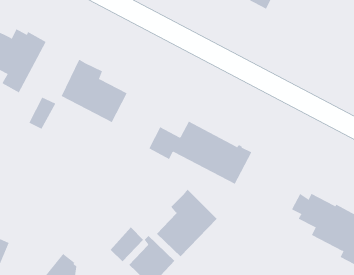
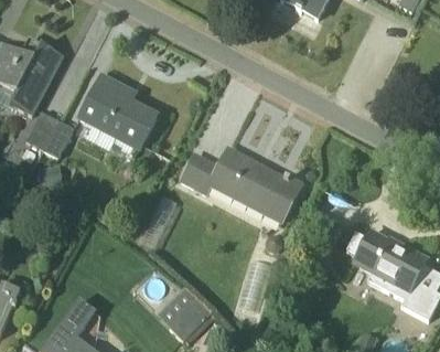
building: none -> [26,110,57,149]
building: [156,189,217,257] -> none
building: [110,227,144,262] -> none

